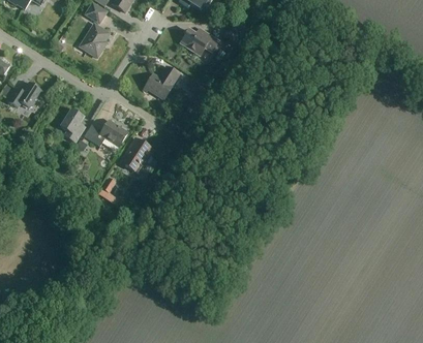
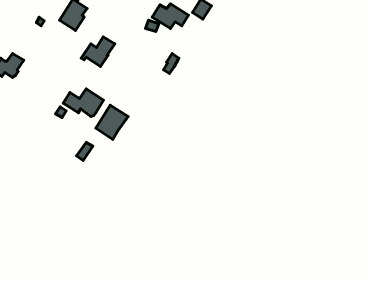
building: [143,66,179,98] -> [81,37,115,67]
building: [60,108,84,142] -> none

